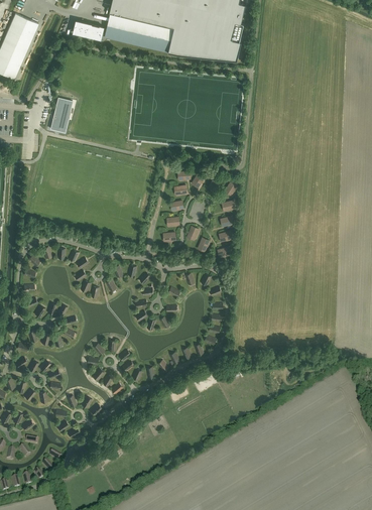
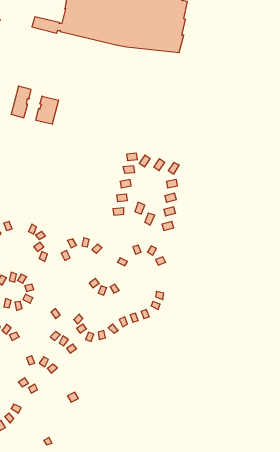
building: none -> [36,96,59,124]

